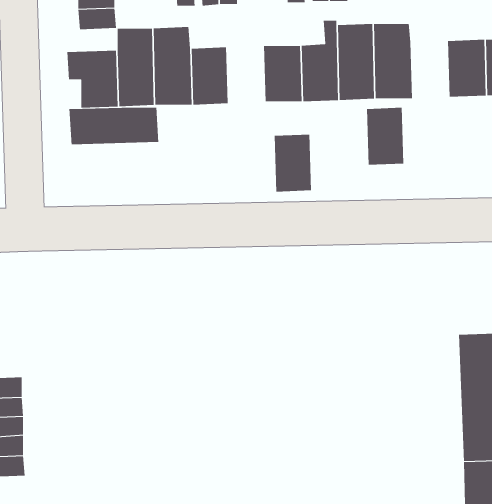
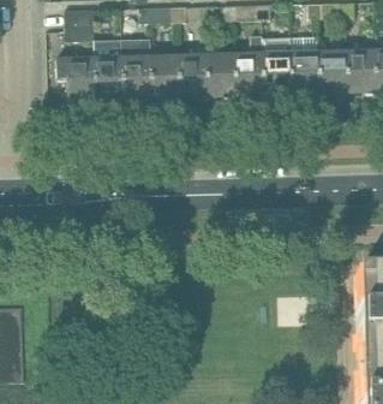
building: [69,107,159,145] -> none
building: [366,107,404,165] -> [318,48,347,93]
building: [274,134,312,192] -> [178,52,207,96]

